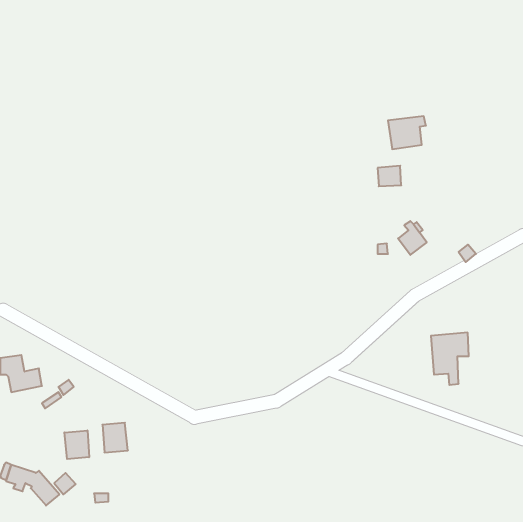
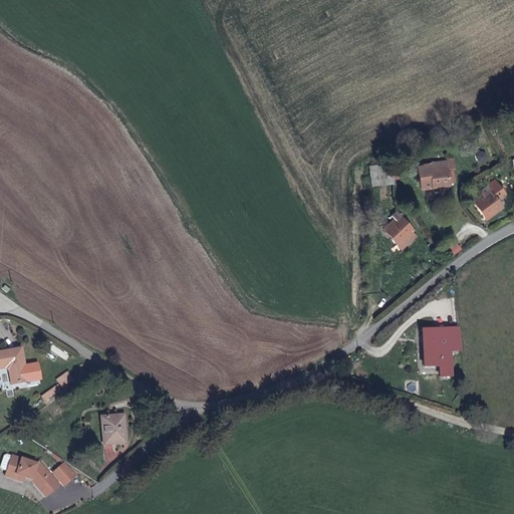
building: [388,116,426,149] -> [418,157,455,189]
building: none -> [477,186,507,217]
building: [64,430,89,459] -> none

